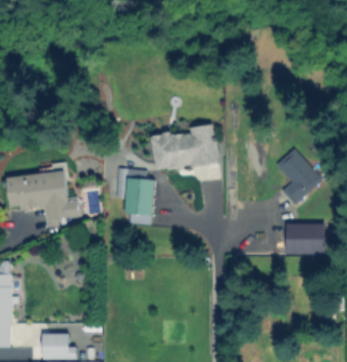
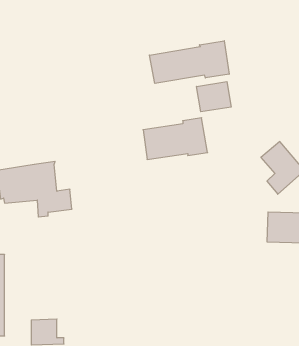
building: none -> [149,41,229,83]
building: none -> [197,82,231,112]
building: [123,178,155,218] -> none

